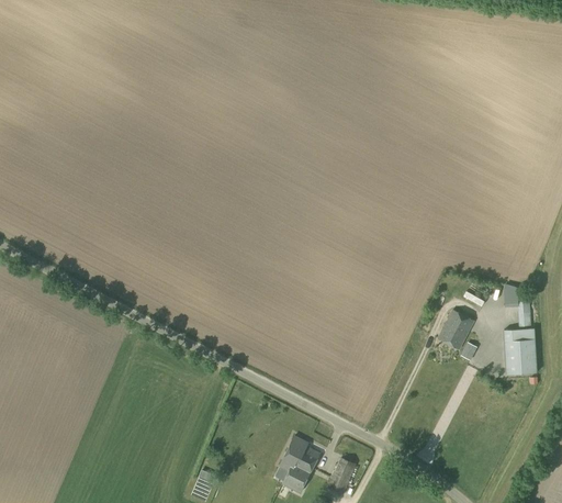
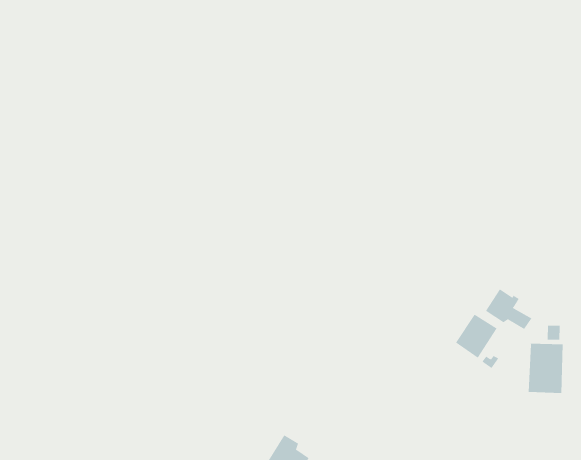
building: none -> [485,288,532,330]

